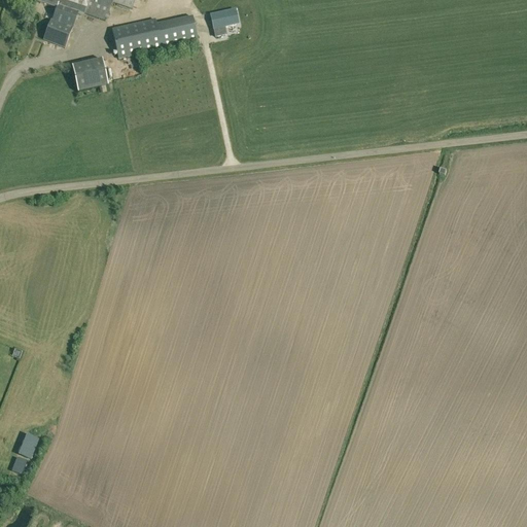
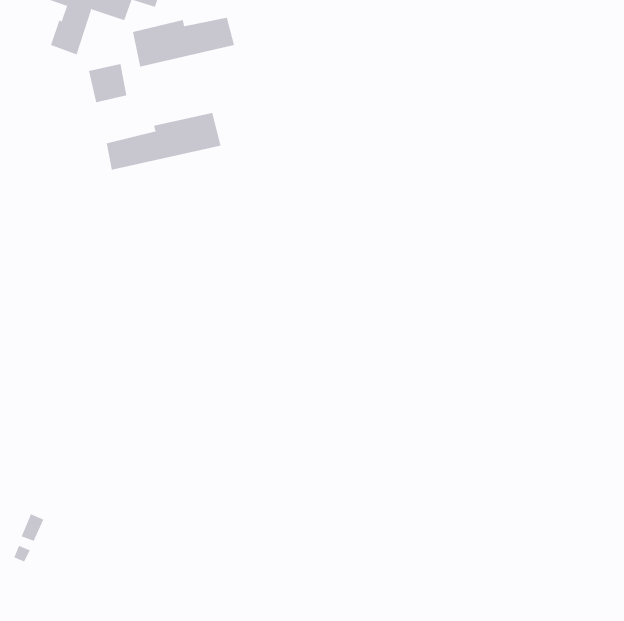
building: [210,7,237,35] -> none
building: none -> [106,112,221,171]

